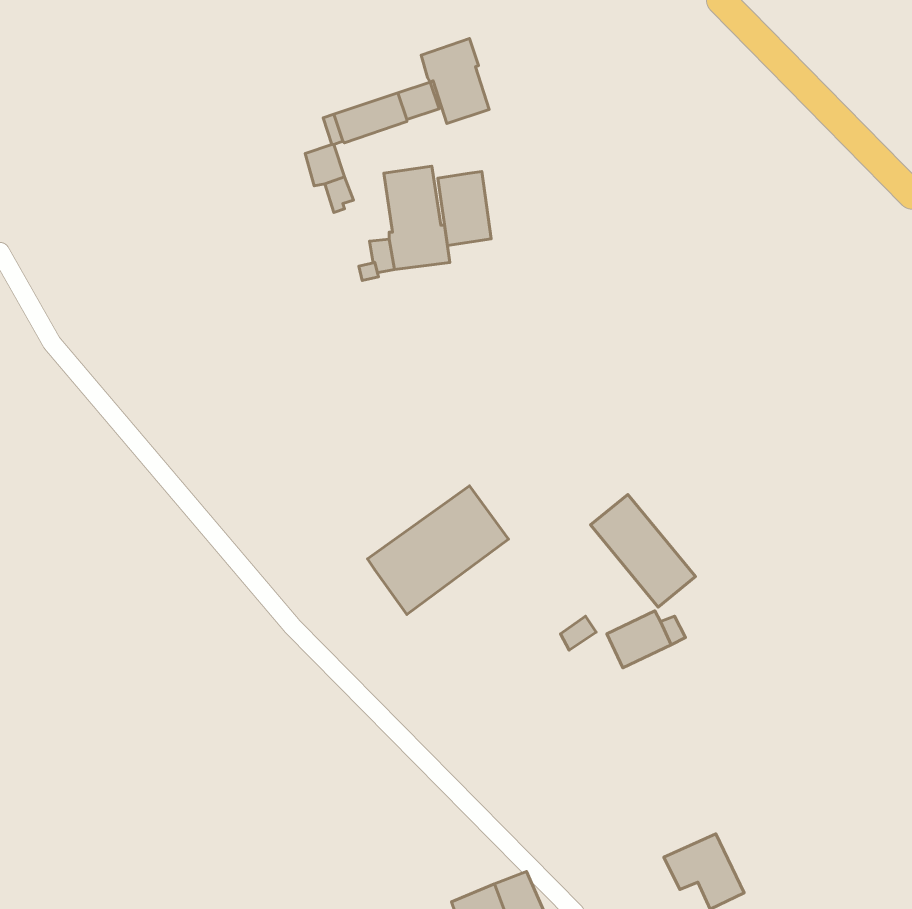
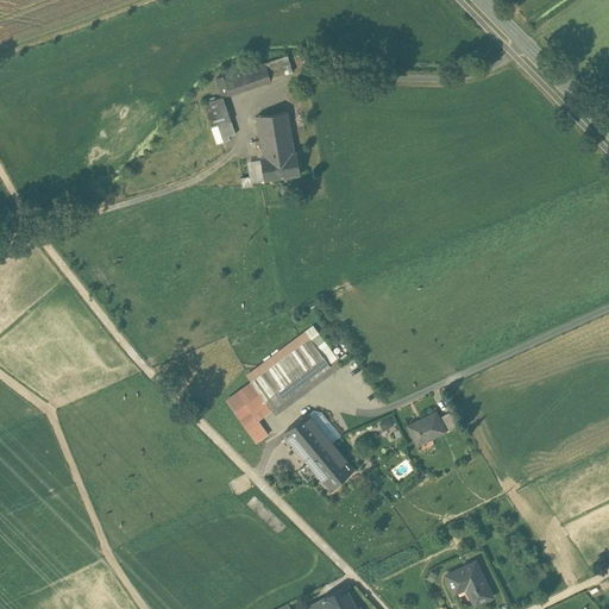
building: [421,38,489,123] -> none
building: [438,172,491,246] -> none
building: [590,495,696,607] -> [285,415,356,490]
building: none -> [225,382,271,445]

